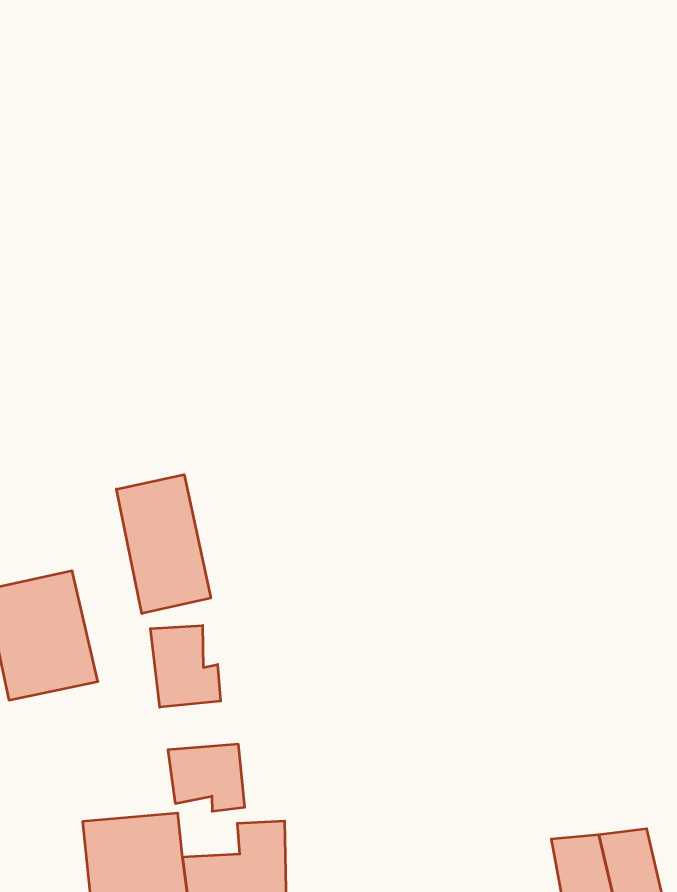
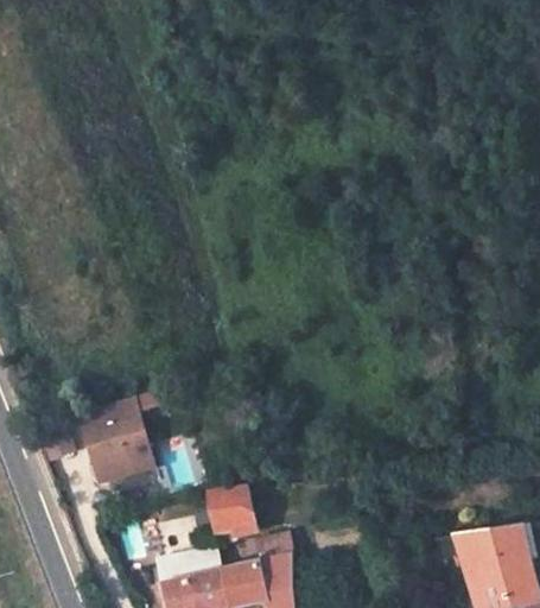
building: [116,475,211,614] -> none
building: [150,625,221,707] -> none

